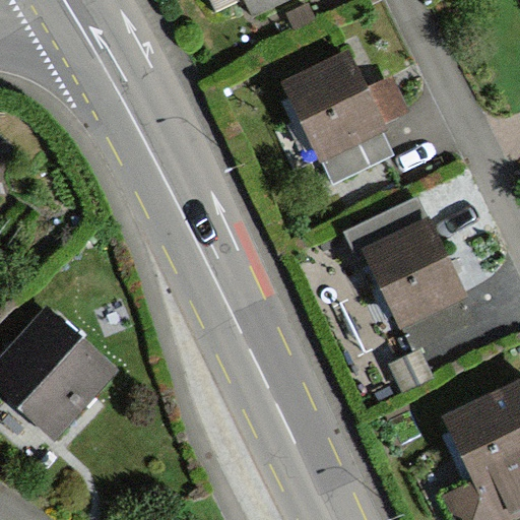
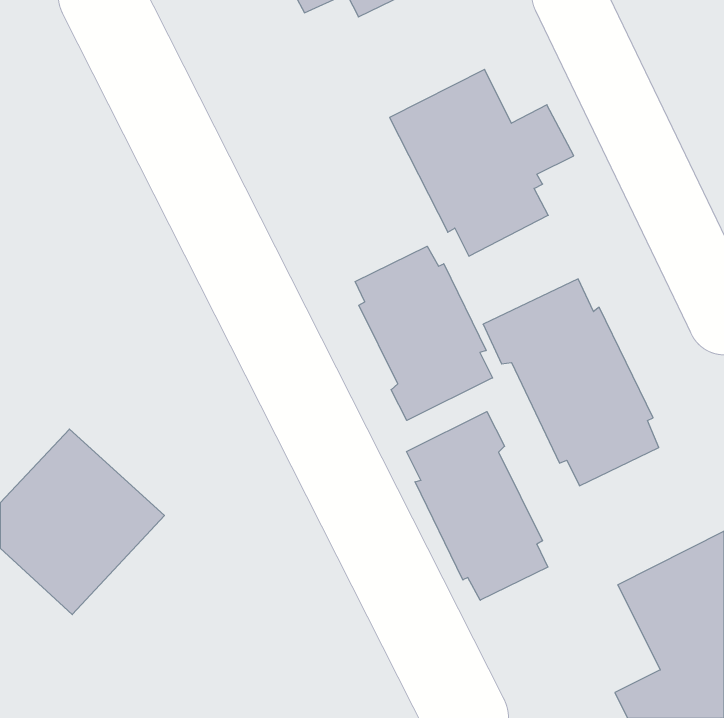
building: none -> [355,246,493,420]
building: none -> [407,412,548,600]

